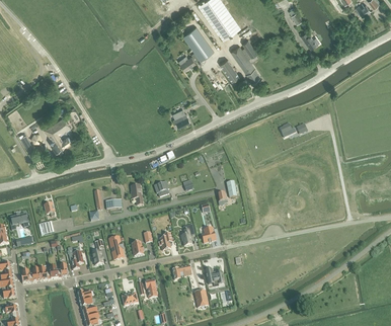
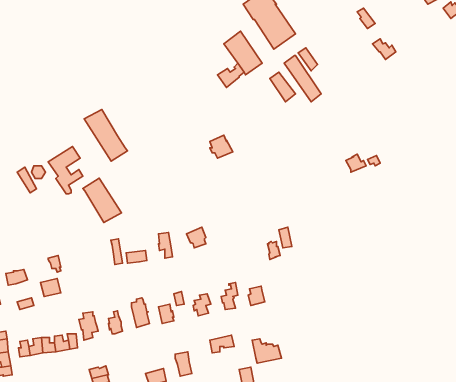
building: none -> [84,109,127,161]
building: none -> [83,178,122,223]

